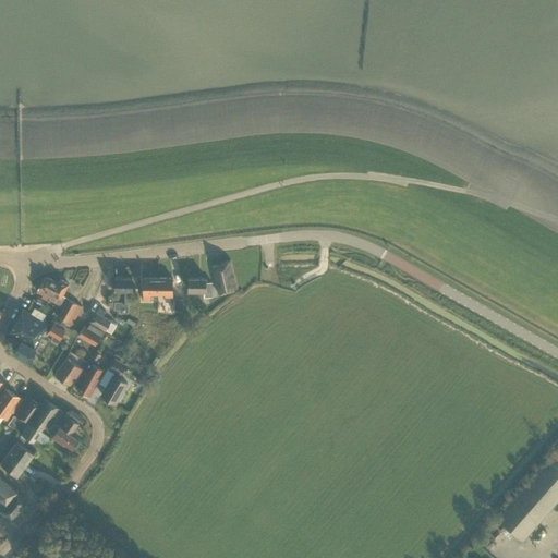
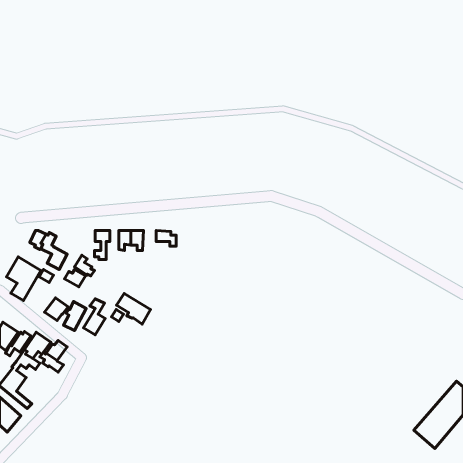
building: [211,263,236,294] -> none
building: none -> [116,293,151,324]

